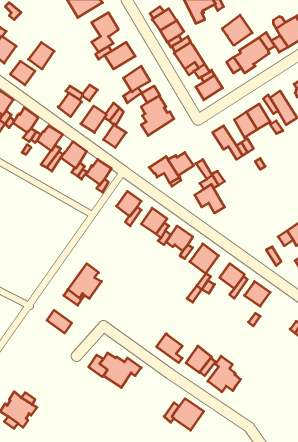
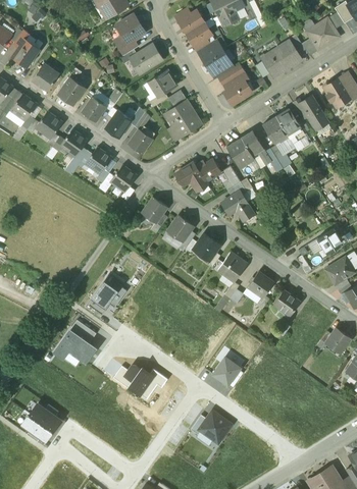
building: [222,15,252,45] -> none
building: [28,42,54,69] -> [58,77,85,105]
building: none -> [225,138,254,168]
building: none -> [53,330,95,363]
building: [157,334,182,363] -> none
building: [208,356,241,392] -> none

